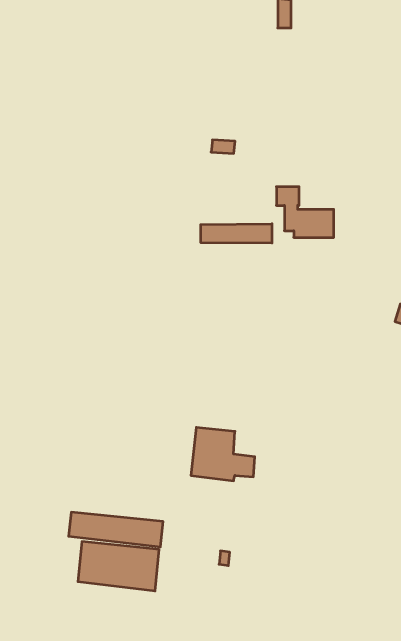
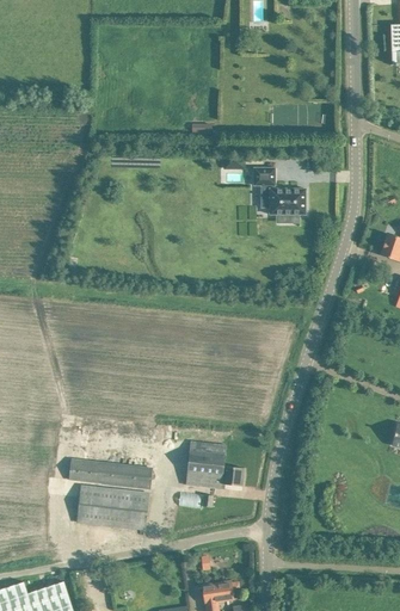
building: [201,224,272,243] -> none
building: [191,427,255,481] -> [185,442,242,489]

